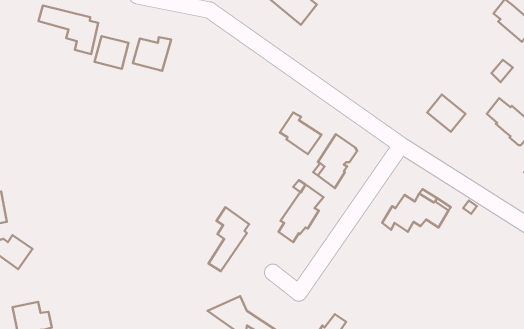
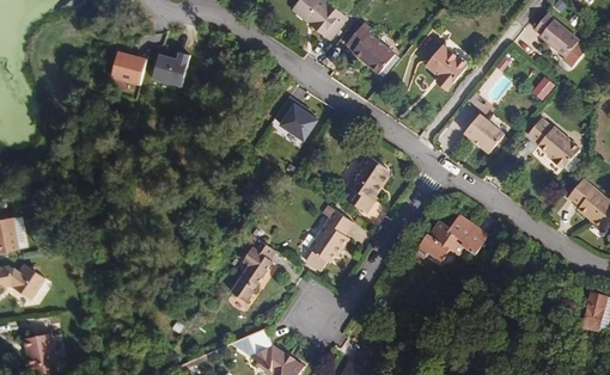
building: [39,5,98,54] -> none
building: none -> [346,20,395,73]
building: none -> [425,44,468,91]
building: [280,112,321,154] -> [274,96,318,140]

